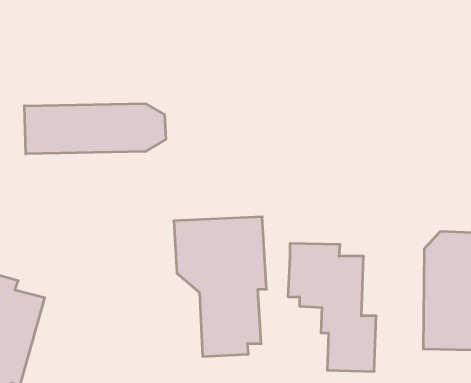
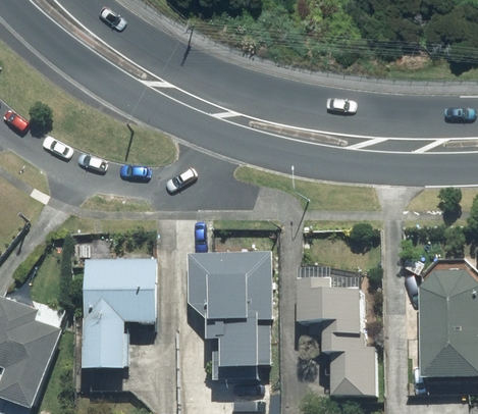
building: [24,104,166,154] -> none
building: none -> [82,257,157,367]

